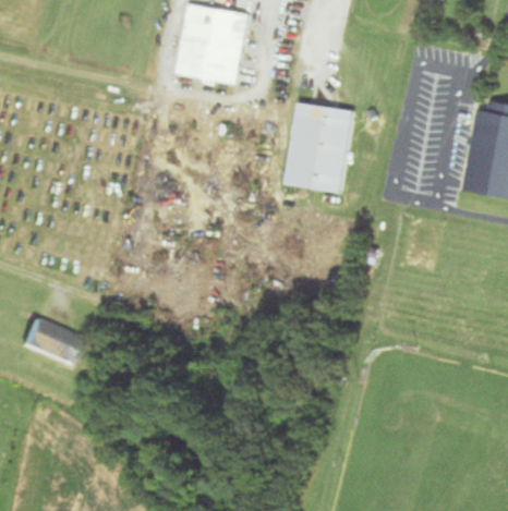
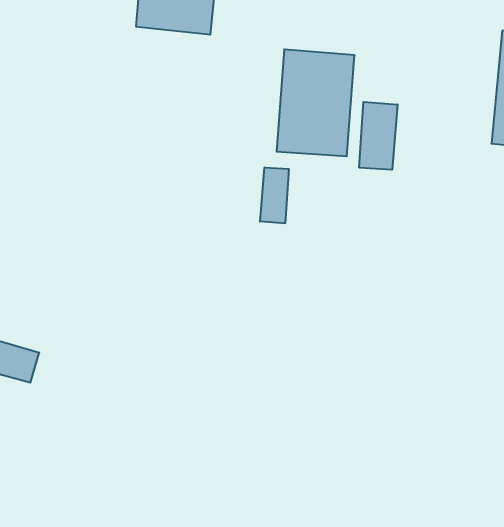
building: none -> [359,102,397,170]
building: none -> [260,167,289,223]

